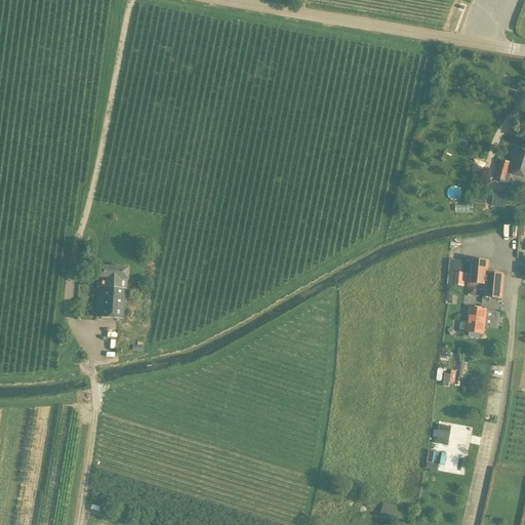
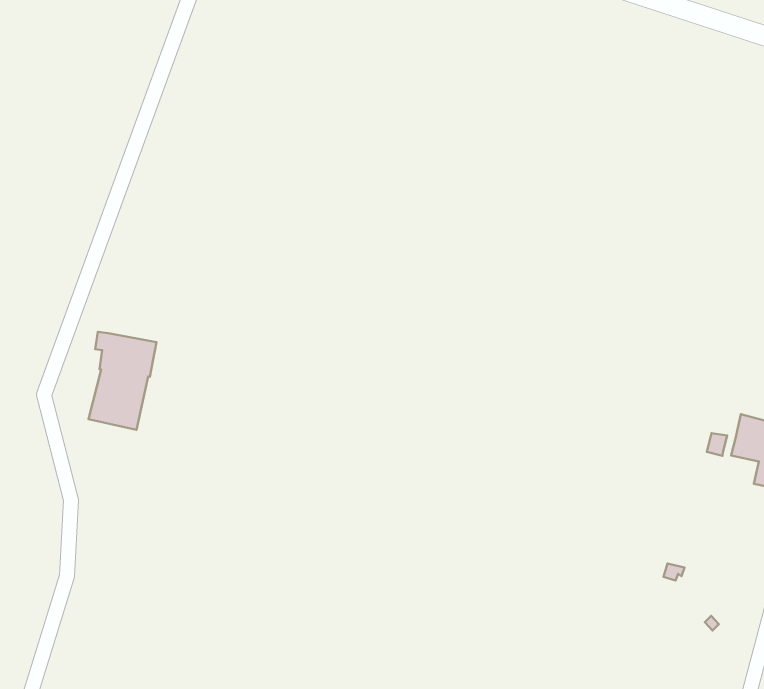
building: [465,306,485,336] -> none

